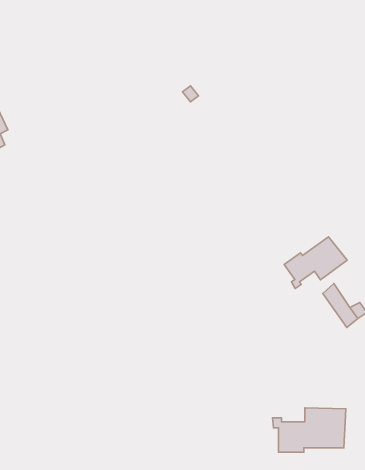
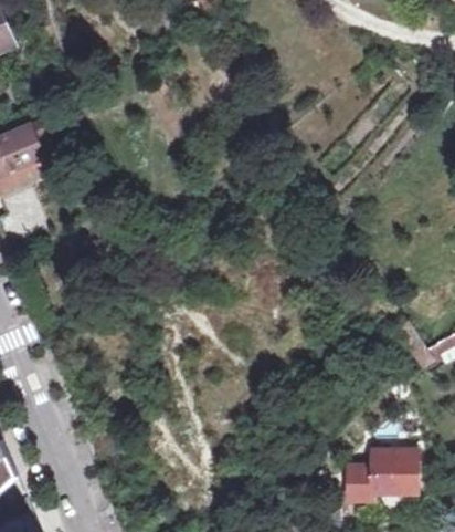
building: [284,237,347,289] -> none

